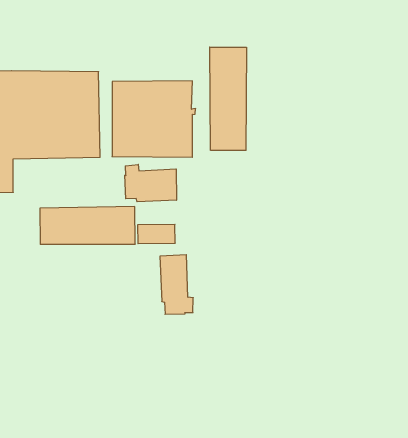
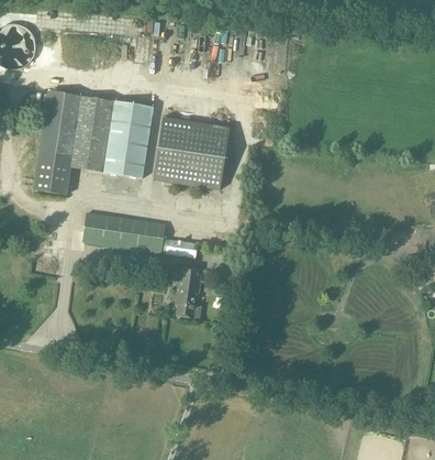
building: [210,47,246,150] -> none
building: [125,164,176,202] -> none

